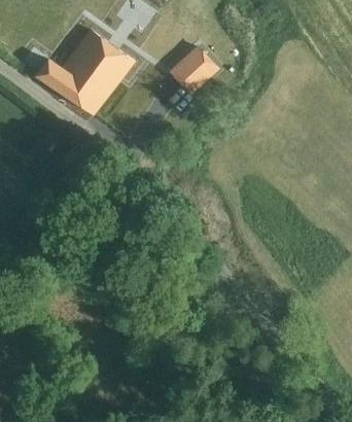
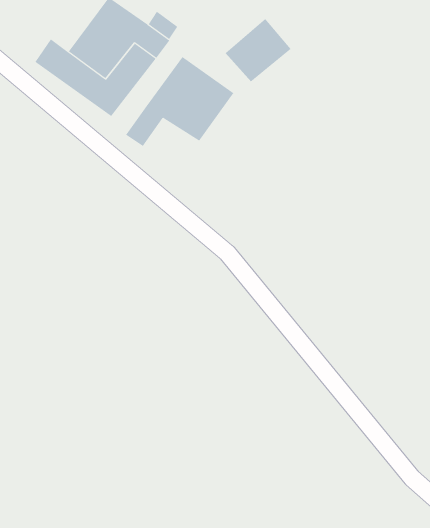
building: none -> [124,56,234,147]

